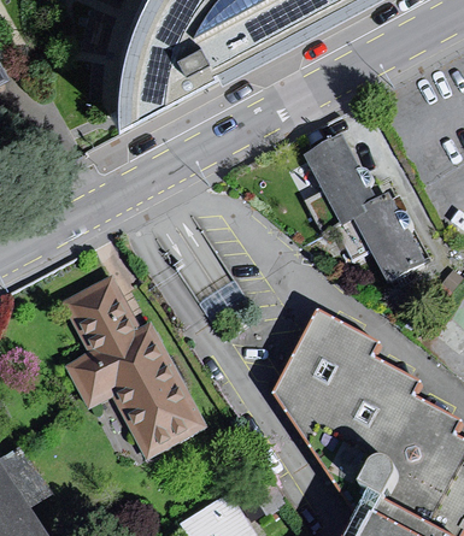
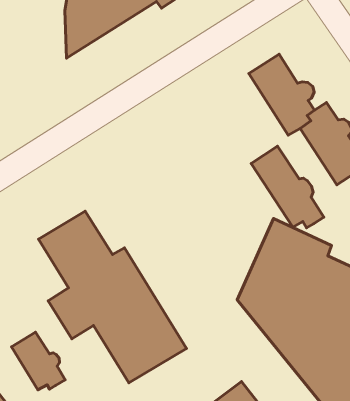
building: none -> [251,146,324,228]
building: none -> [12,332,65,390]

